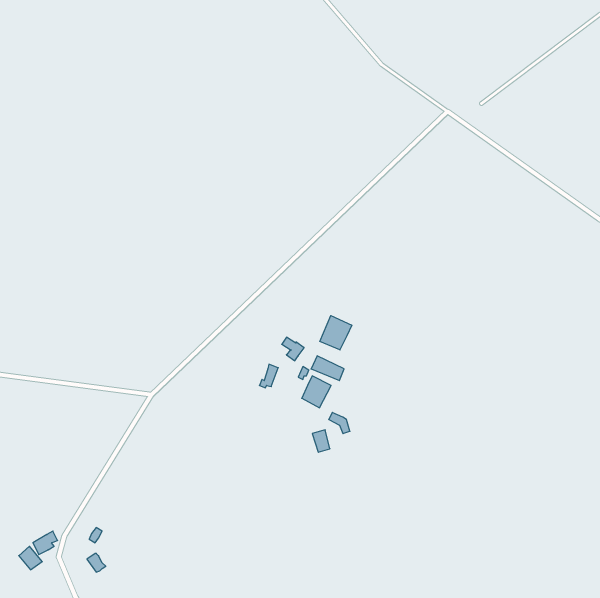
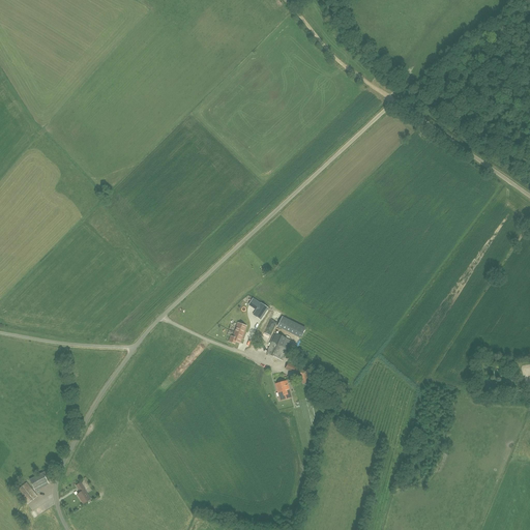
building: [320,316,352,350] -> none

